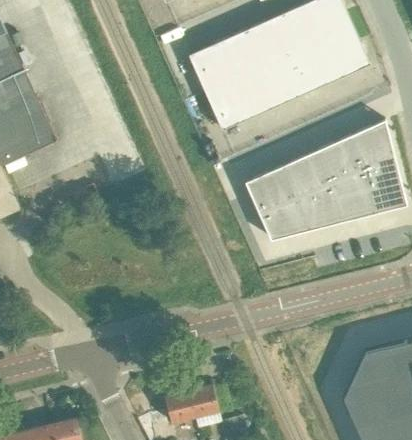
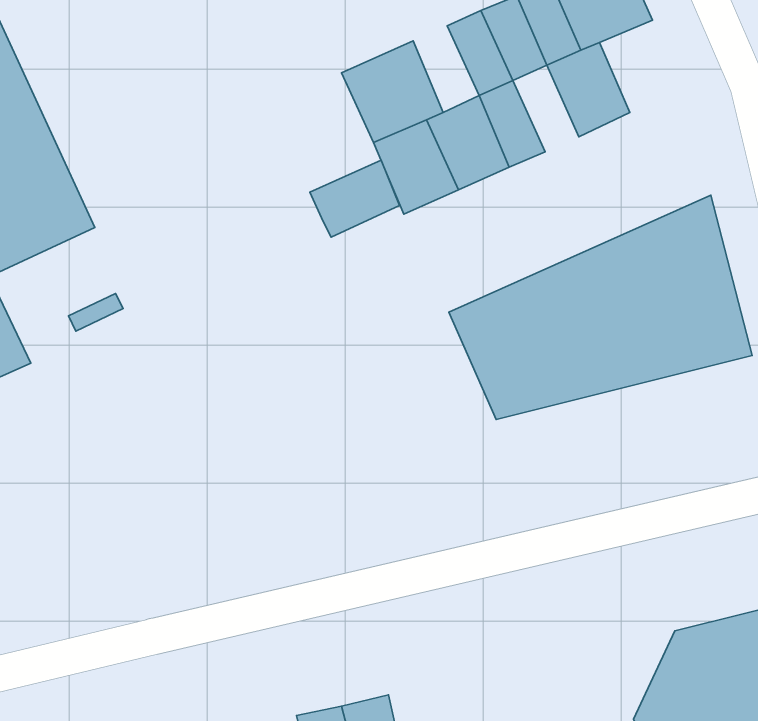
building: [326,27,370,76] -> none
building: [227,30,262,76] -> none
building: [280,51,315,97] -> none
building: none -> [310,160,400,237]

